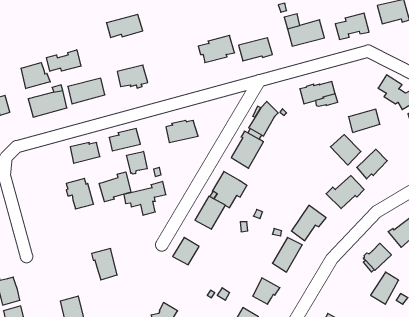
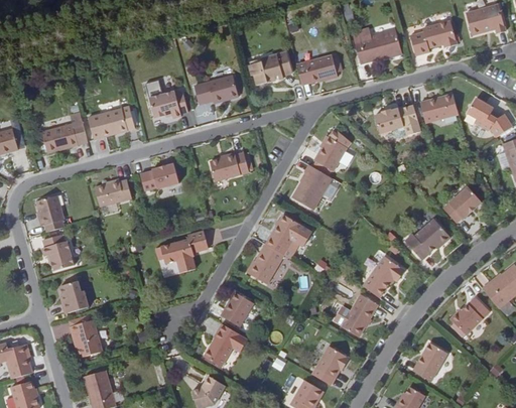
building: [106,14,143,38] -> [196,73,240,101]
building: [46,50,81,71] -> none
building: [21,63,50,89] -> none
building: [348,109,380,132] -> [421,94,460,122]
building: [330,135,361,165] -> none
building: [127,151,147,174] -> none
building: none -> [36,194,63,224]
building: [99,172,131,202] -> none
building: [66,178,94,209] -> [40,232,74,269]
building: none -> [60,278,88,310]
building: [92,249,117,280] -> [70,316,101,355]
building: none -> [206,324,248,364]
building: [371,272,399,304] -> [412,343,446,382]

